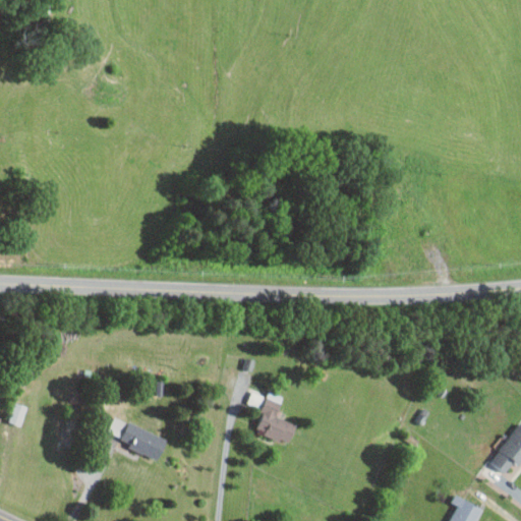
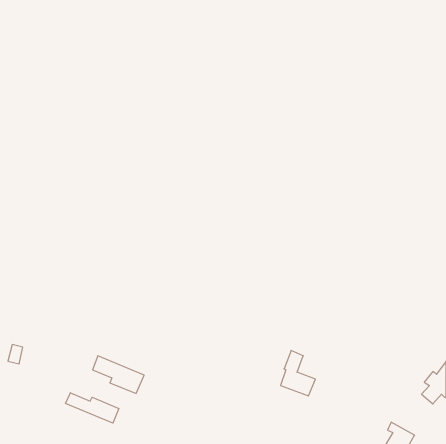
building: [256,392,297,445] -> [281,350,315,396]
building: none -> [65,393,119,423]

